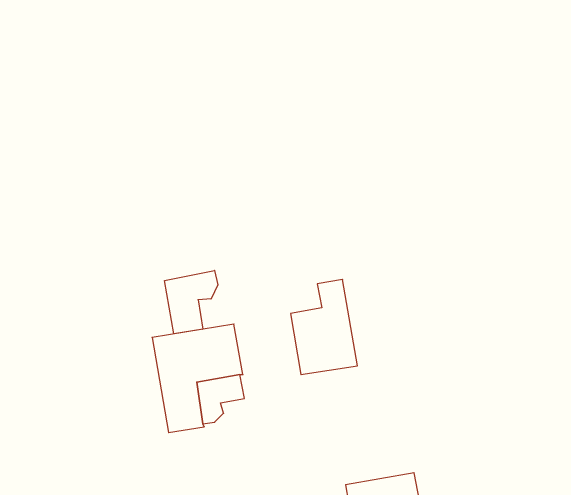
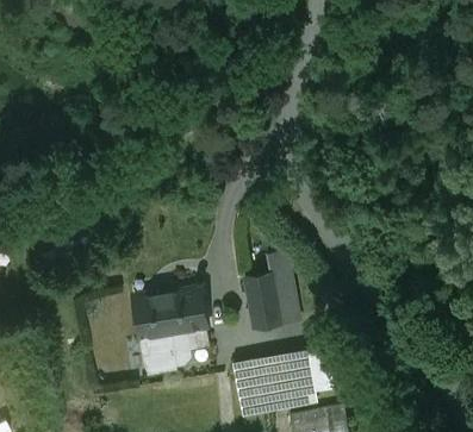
building: [165,270,218,334] -> none
building: none -> [235,350,316,415]

